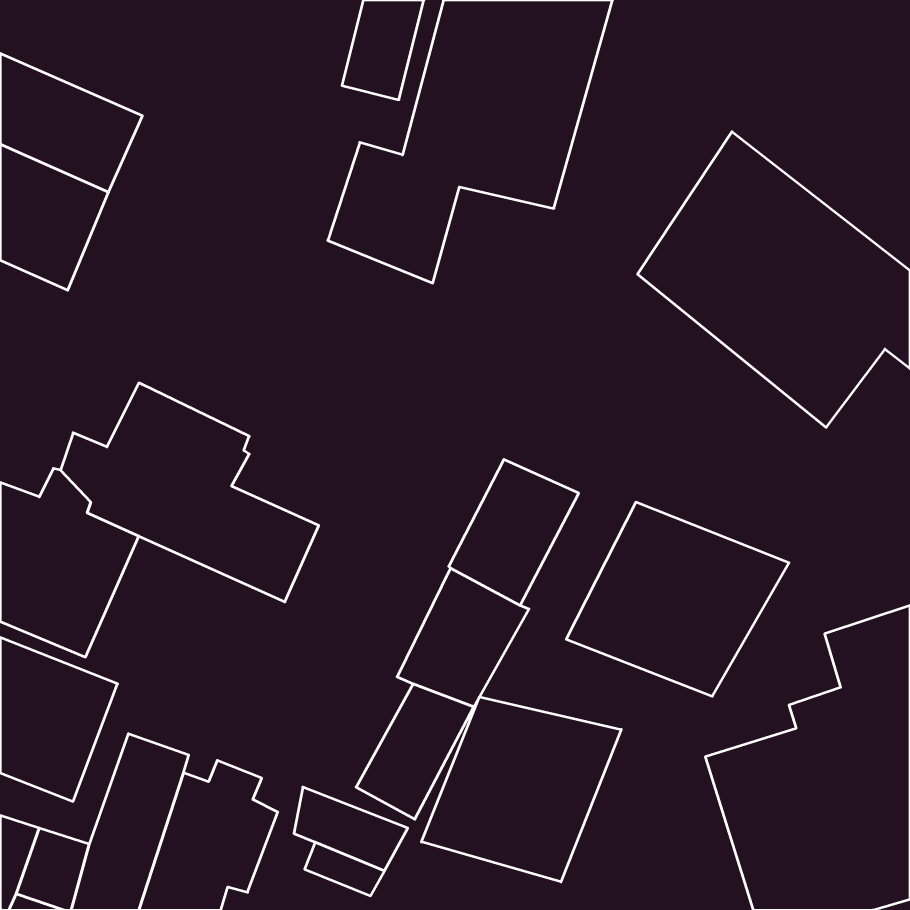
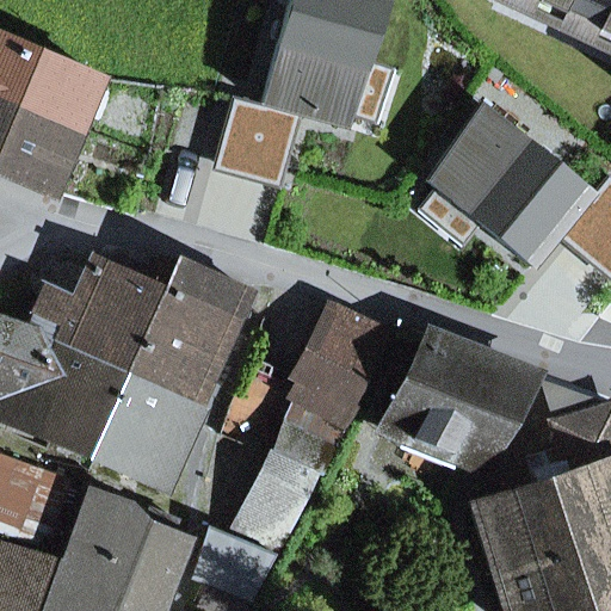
building: none -> [154,257,243,352]
building: none -> [57,359,191,488]
building: [421,697,621,882] -> none

